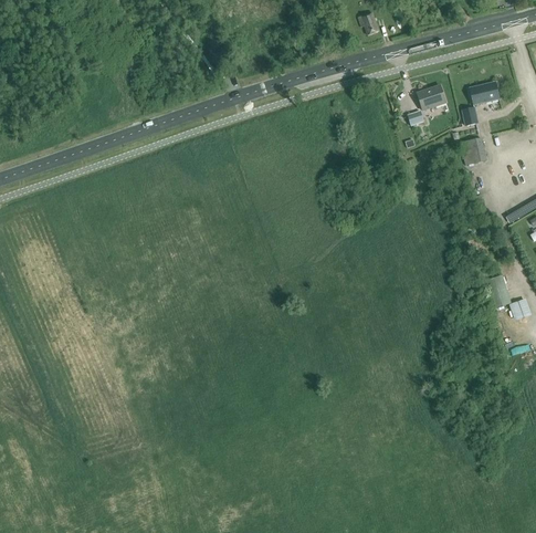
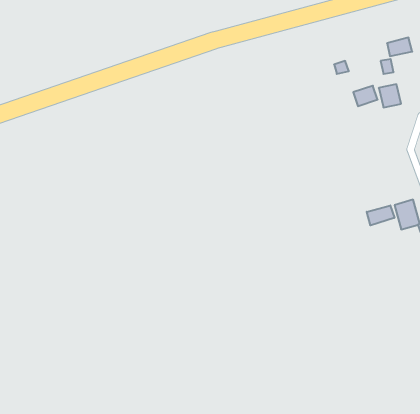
building: [417,85,445,109] -> [353,86,378,106]
building: none -> [367,205,394,225]

